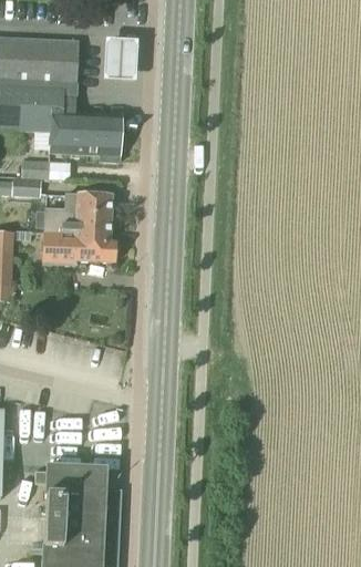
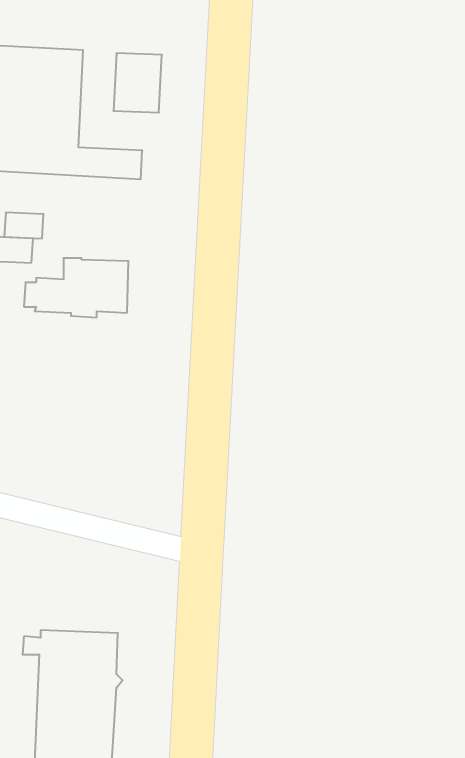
building: [50,130,121,161] -> none
building: [42,230,115,266] -> none

